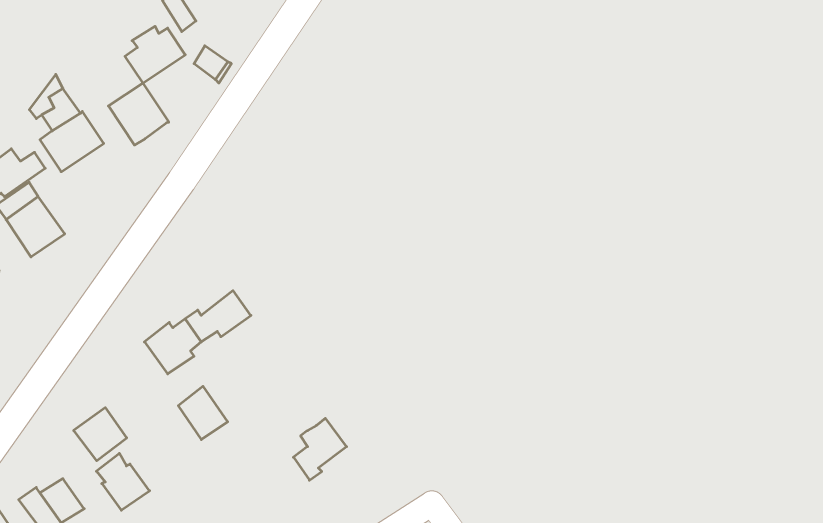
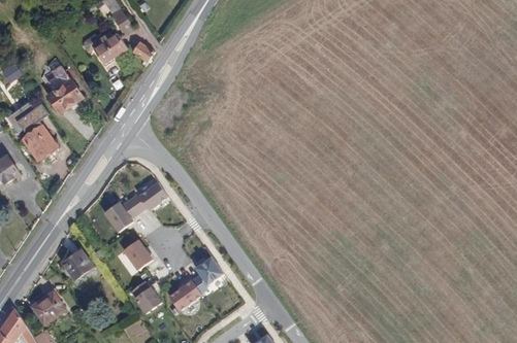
building: [108,83,169,145] -> none
building: [96,453,150,510] -> [131,280,162,313]
building: none -> [168,280,201,311]

